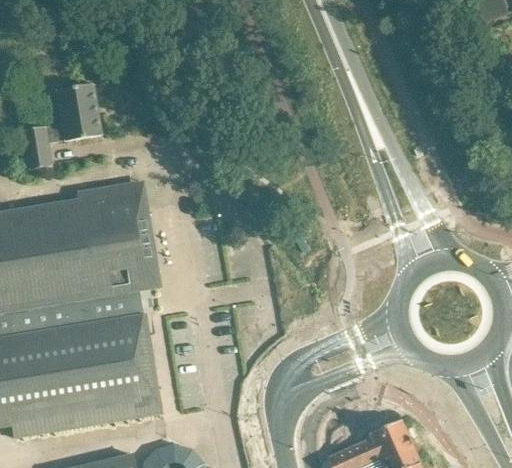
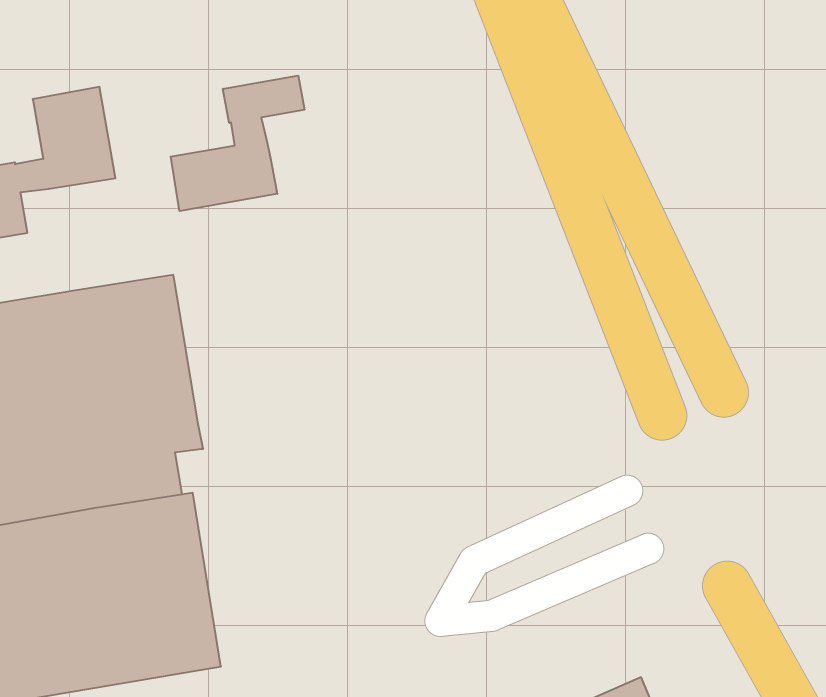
building: none -> [171,76,304,211]

